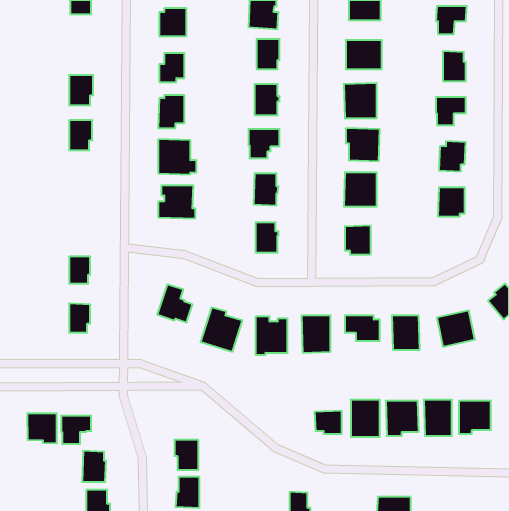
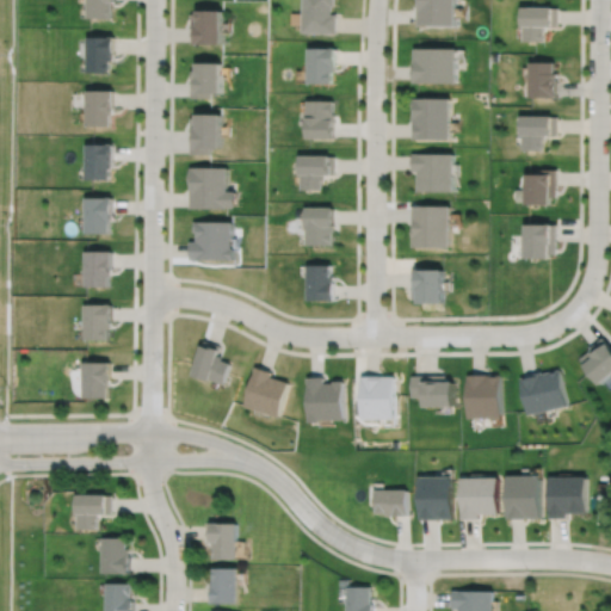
building: none -> [82,37,111,73]
building: none -> [81,198,110,234]
building: none -> [82,251,110,288]
building: [28,413,56,444] -> none

